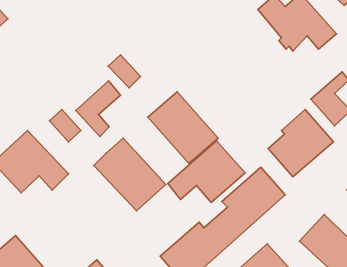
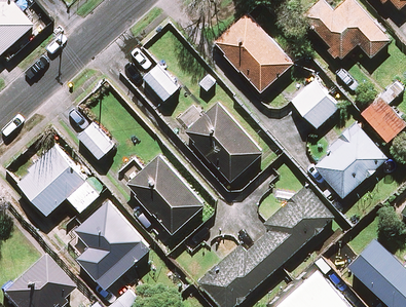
building: none -> [215,15,292,92]
building: none -> [291,80,345,128]
building: [76,81,121,136] -> none
building: [168,141,245,202] -> none
building: none -> [66,200,150,290]

